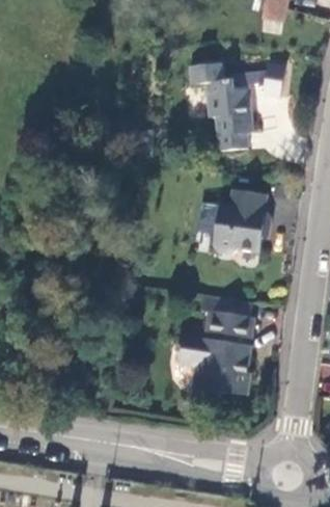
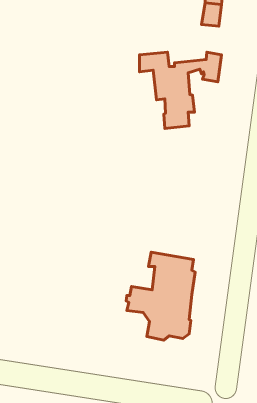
building: [211,189,269,252] -> none

